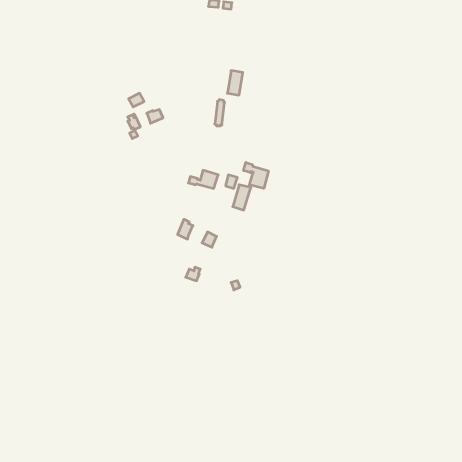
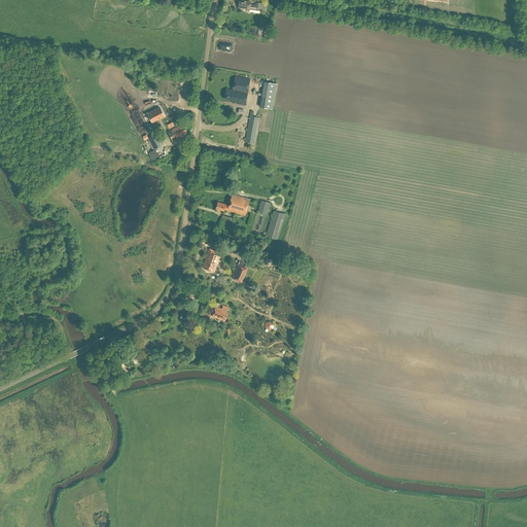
building: none -> [223,76,248,104]
building: [244,162,268,188] -> none

